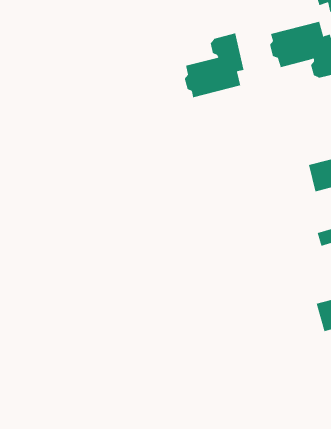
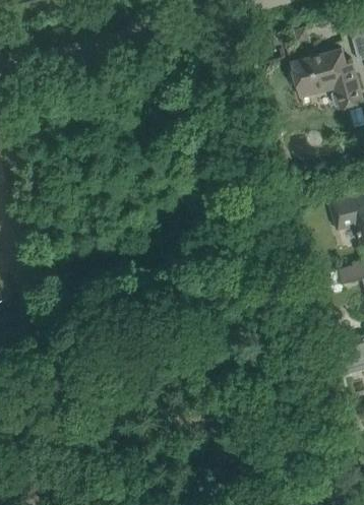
building: [184,33,244,98] -> none

